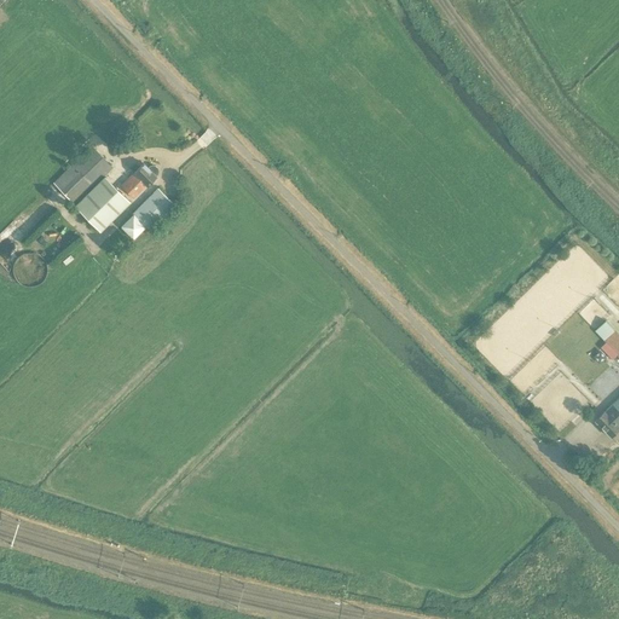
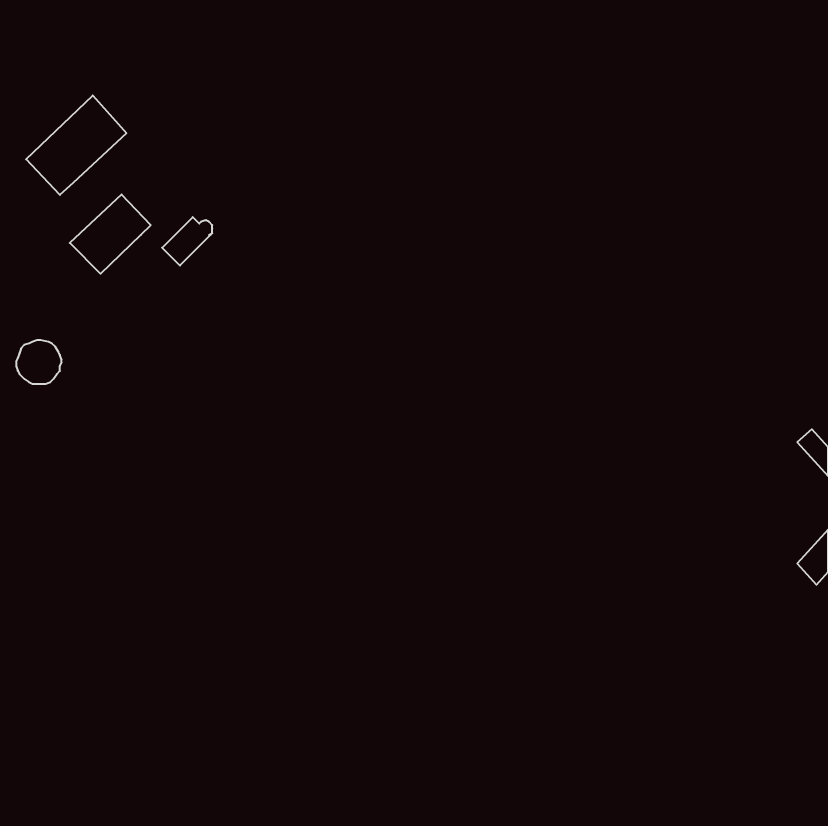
building: none -> [26,95,126,195]
building: [75,177,132,232] -> none
building: [132,189,175,232] -> none

